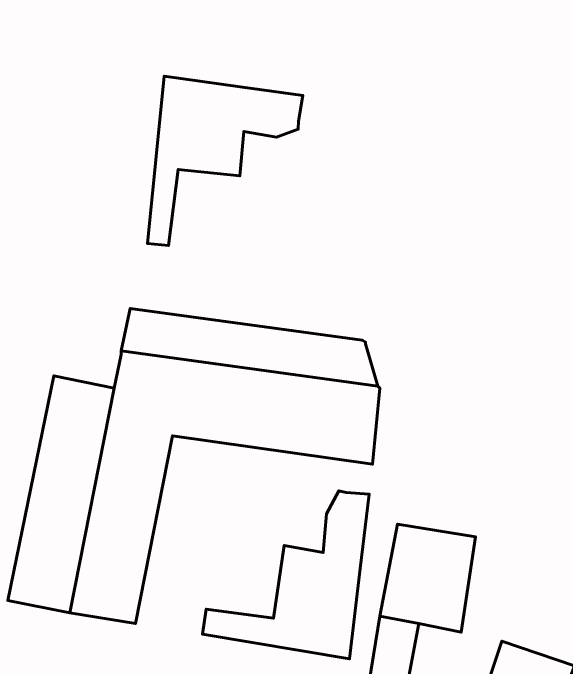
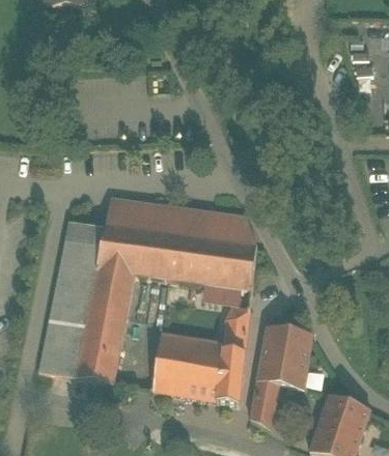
building: [147,76,303,246] -> none
building: none -> [65,218,105,245]
building: none -> [200,284,239,306]
building: none -> [155,331,200,379]

